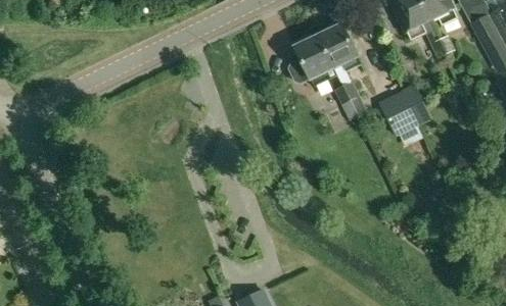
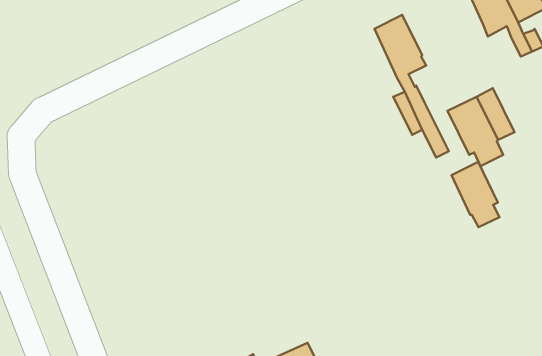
building: [287,34,336,85] -> none
building: none -> [452,162,500,227]

